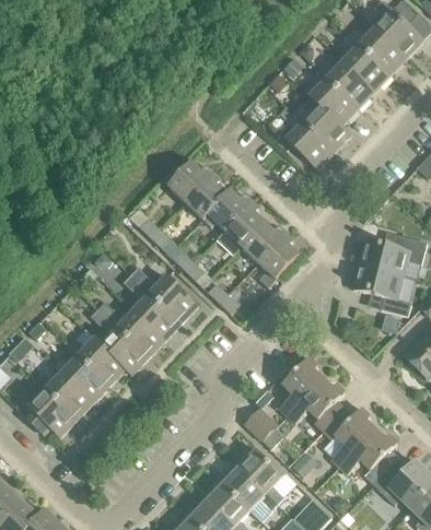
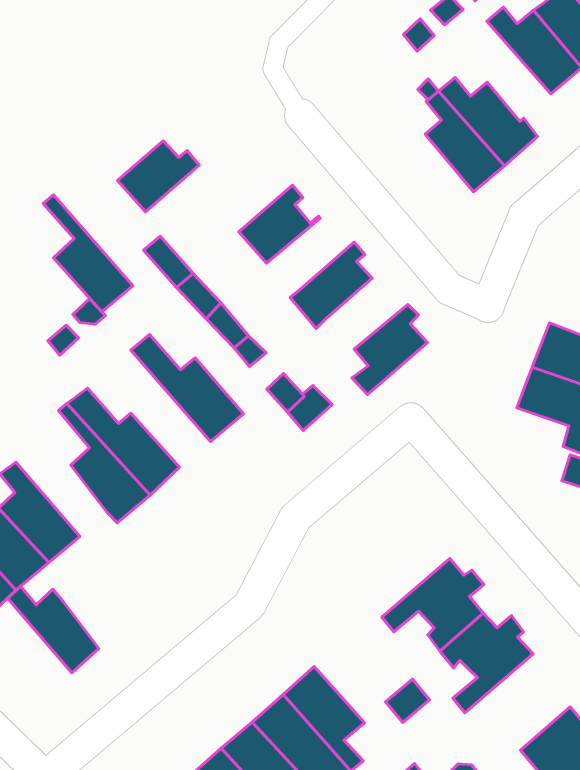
building: [310,70,357,126] -> none
building: [167,162,213,203] -> [118,141,199,212]
building: [202,191,253,232] -> none
building: [240,223,286,264] -> none
building: [124,276,179,341] -> [43,195,133,312]
building: [69,339,124,386] -> [8,586,99,673]
building: [278,358,323,416] -> none
building: [244,407,279,441] -> none
building: [339,429,399,485] -> none

